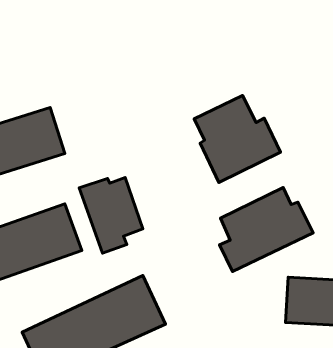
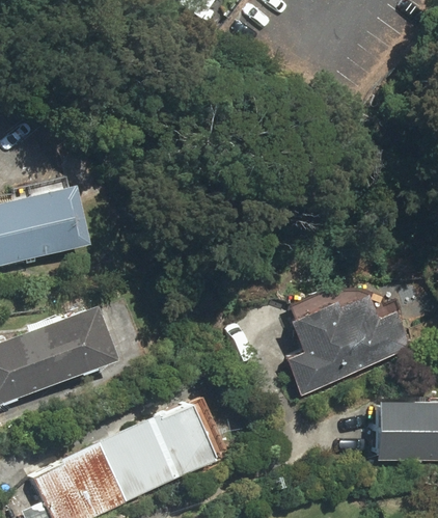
building: [194,96,280,182] -> none
building: [79,178,143,253] -> none

